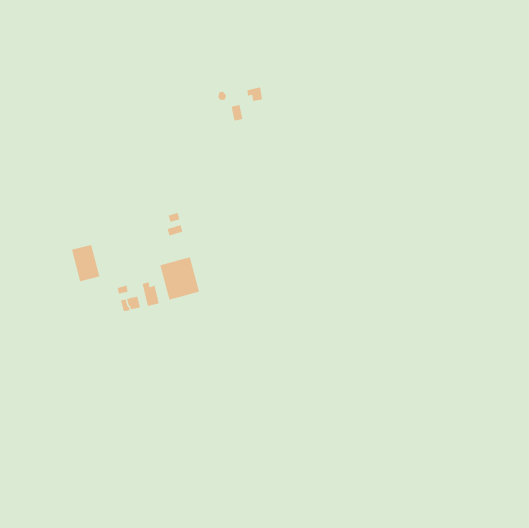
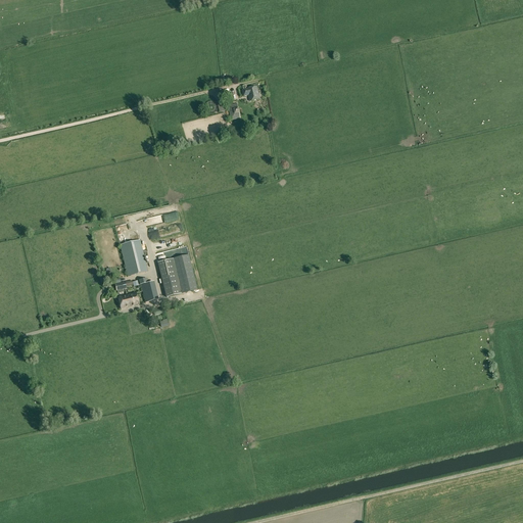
building: [71,244,100,282] -> [120,239,148,276]

